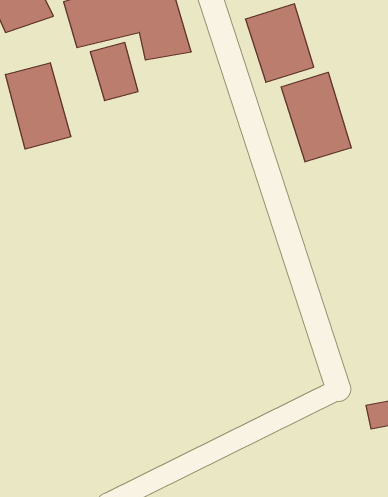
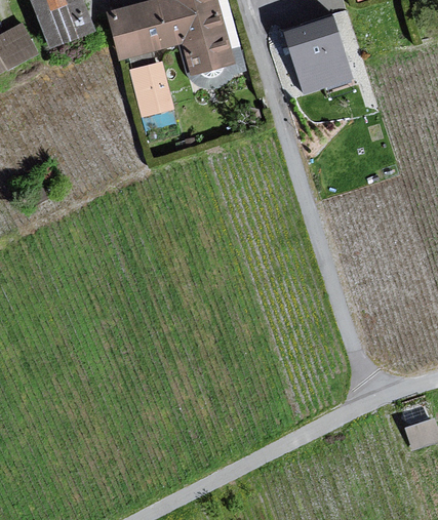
building: [5,63,71,149] -> none
building: [281,72,351,162] -> none

